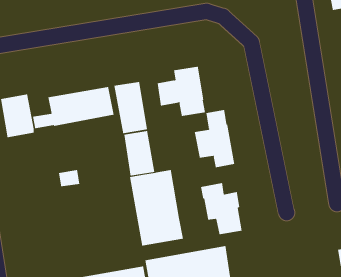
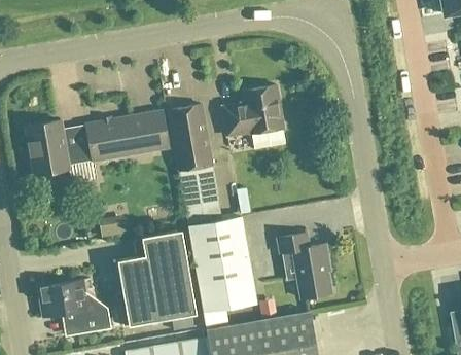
building: [194,109,235,168] -> none
building: none -> [116,230,197,330]
building: none -> [39,281,111,334]

